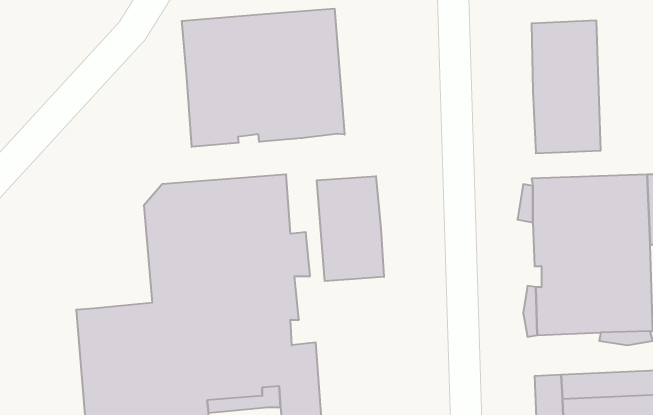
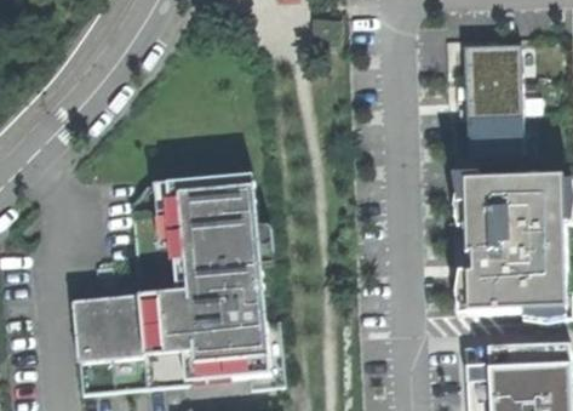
building: [182,9,345,147] -> none
building: [317,176,384,281] -> none

